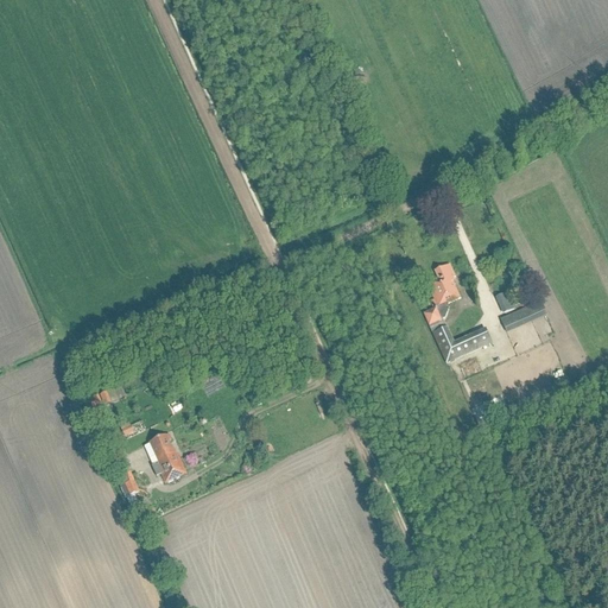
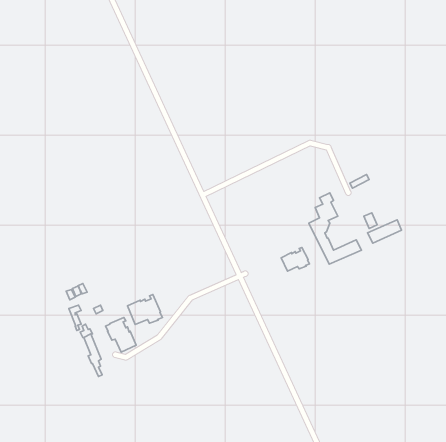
building: none -> [281,247,310,271]
building: none -> [127,295,162,324]

